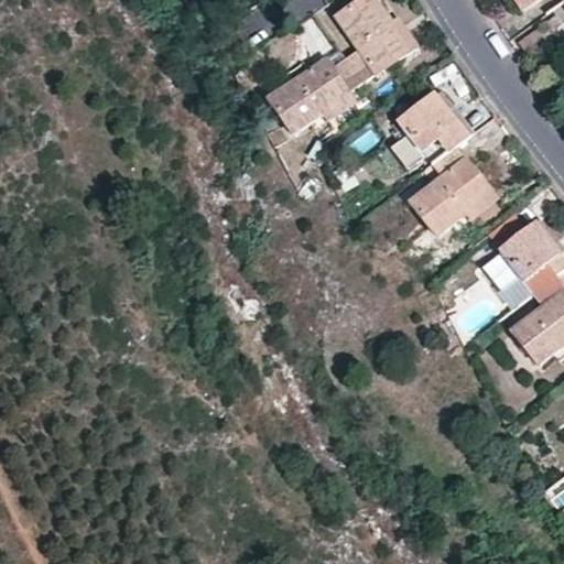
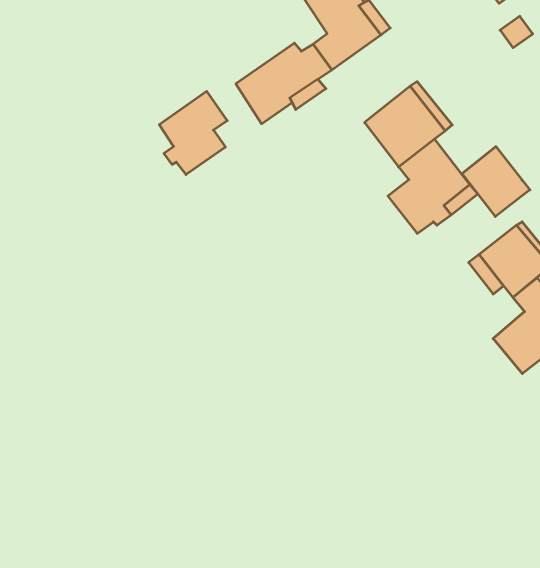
building: none -> [159,91,227,175]
building: none -> [462,147,530,217]

